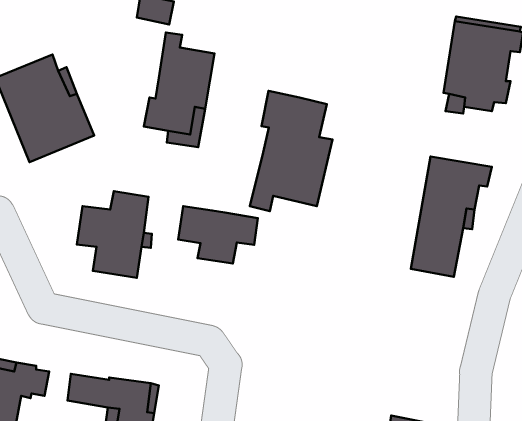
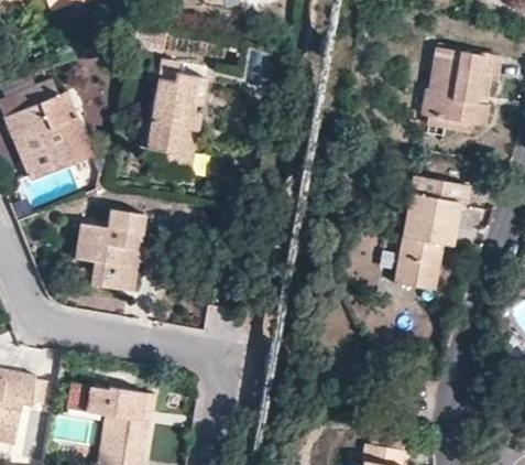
building: [250,91,332,211] -> none
building: [178,206,258,264] -> none

